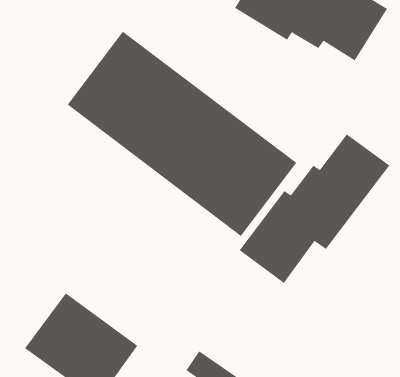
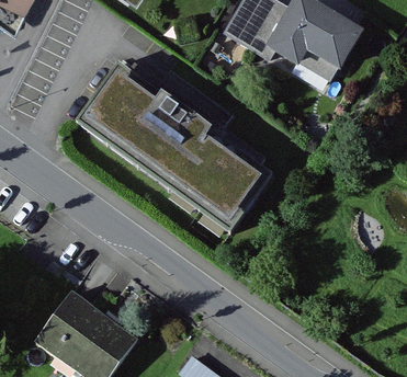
building: [239,133,390,284] -> none

